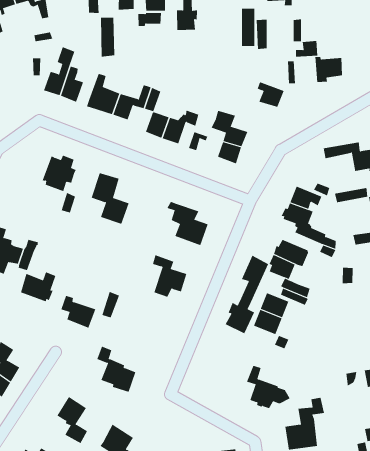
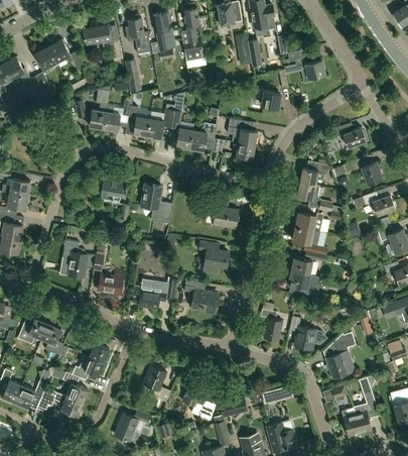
building: [225,255,269,334] -> none
building: [97,346,136,393] -> [184,280,218,314]
building: none -> [260,309,283,342]

